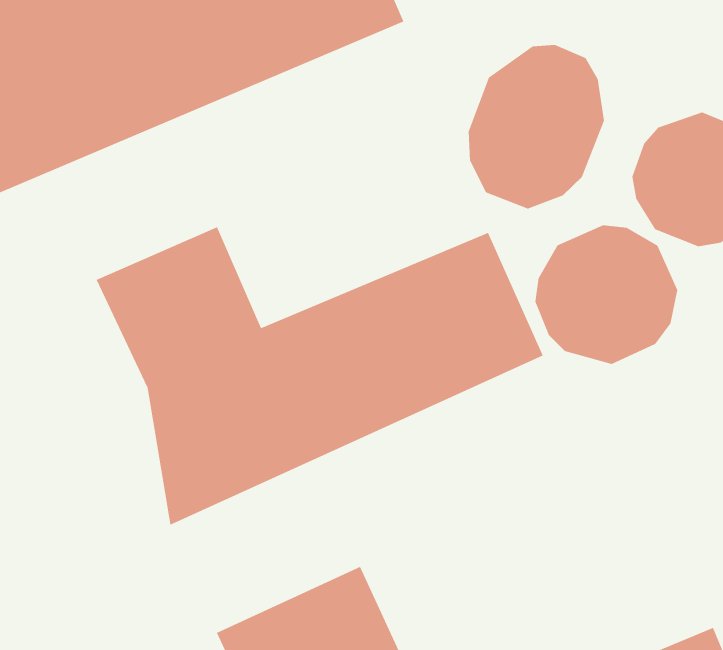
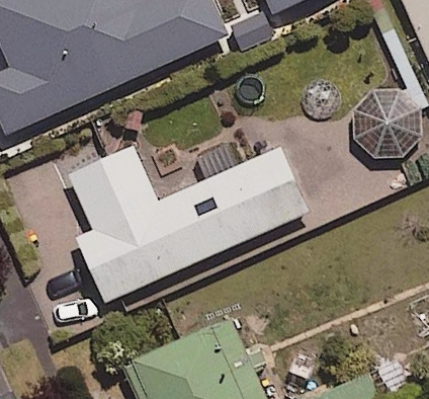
building: [468,44,605,210] -> none
building: [535,224,678,365] -> none

